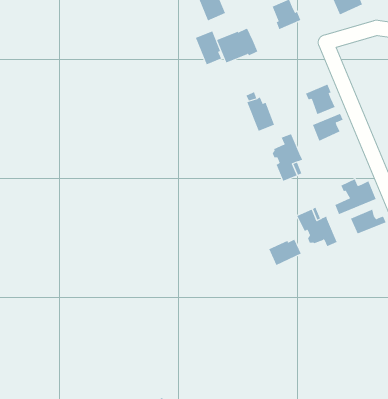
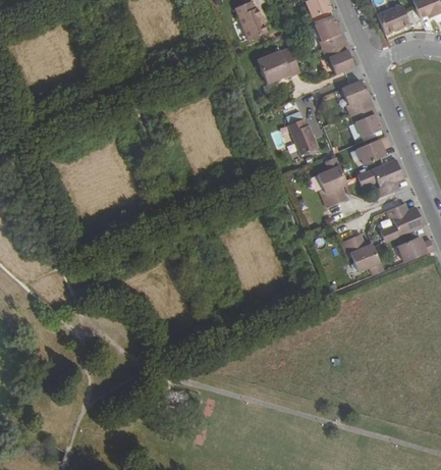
building: none -> [322,39,353,73]
building: [195,31,222,65] -> none
building: none -> [341,81,373,115]
building: none -> [356,159,403,196]
building: [268,239,302,266] -> none

